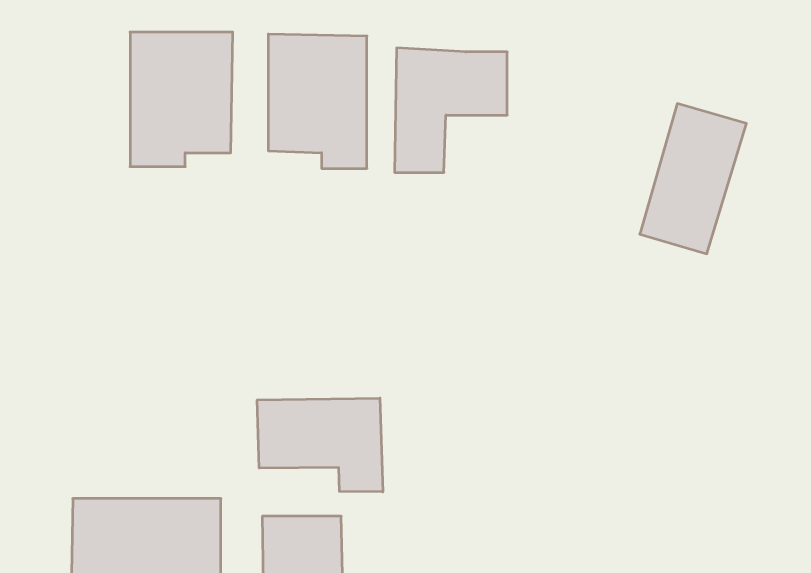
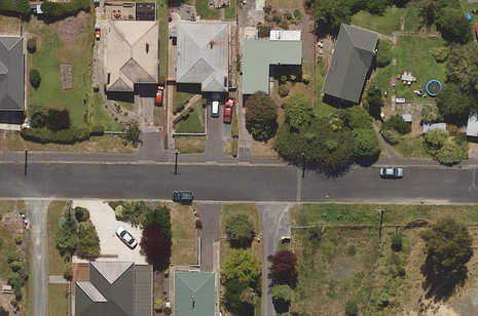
building: [640,104,746,254] -> [322,25,377,103]
building: [257,398,383,492] -> none

